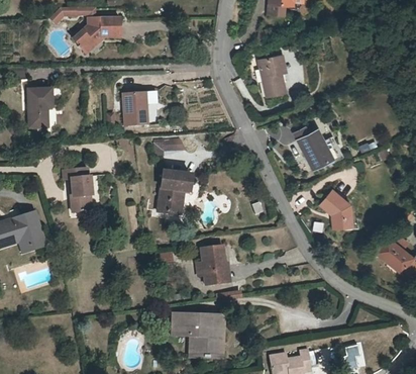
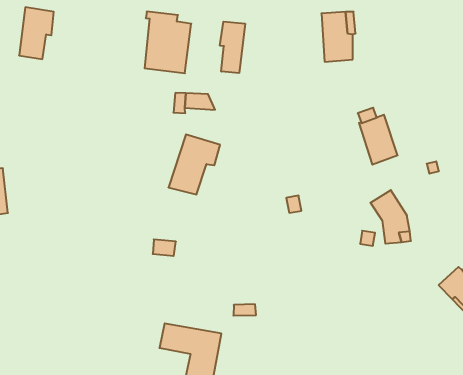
building: none -> [220,22,245,73]
building: [65,169,93,210] -> none
building: [201,244,227,283] -> none

